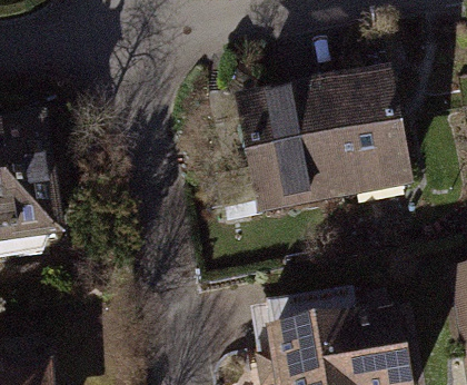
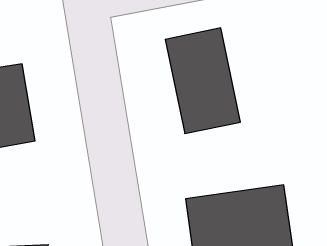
building: [308,58,414,203] -> none

